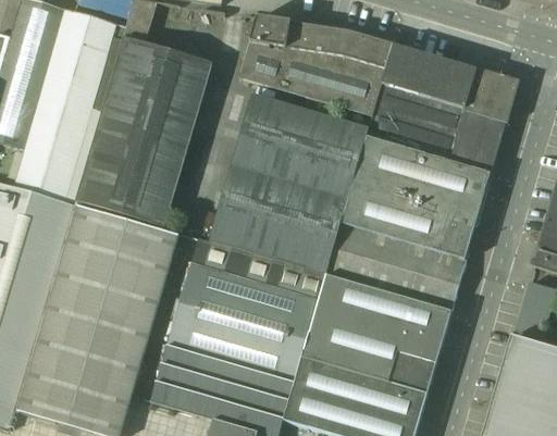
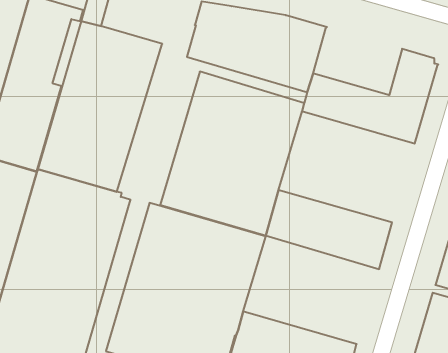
building: [379,45,476,119] -> none
building: [341,136,491,259] -> none
building: [301,273,451,393] -> none

